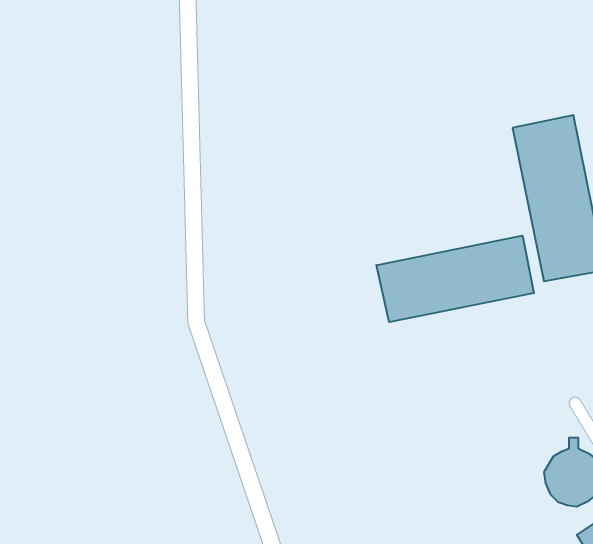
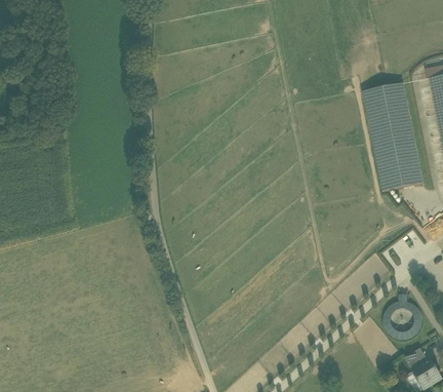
building: [376,236,534,322] -> none

